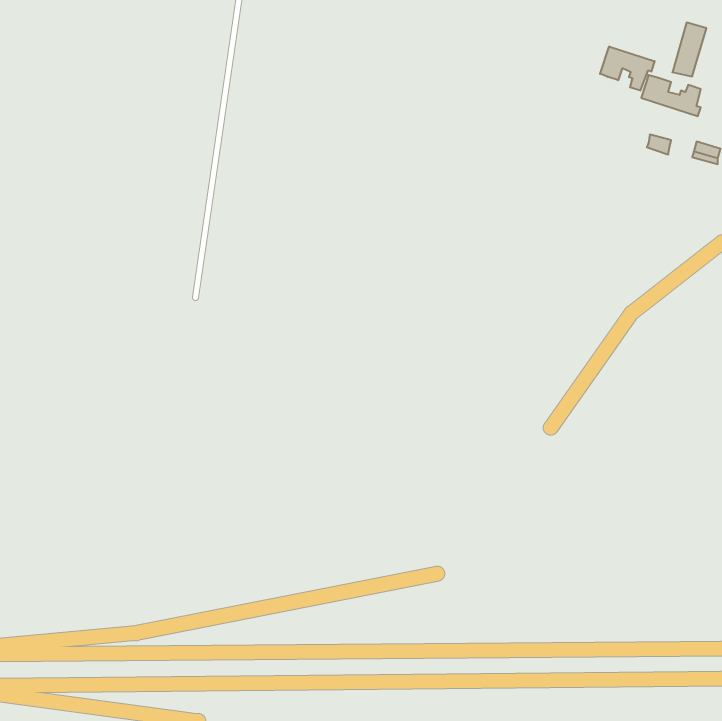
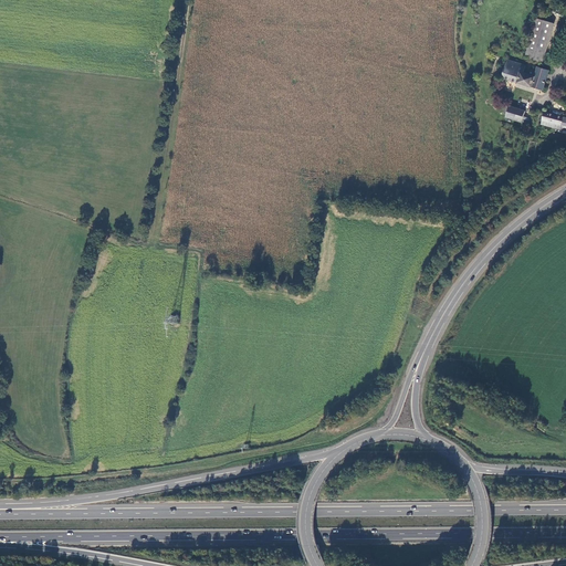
building: [600,46,655,91] -> none

